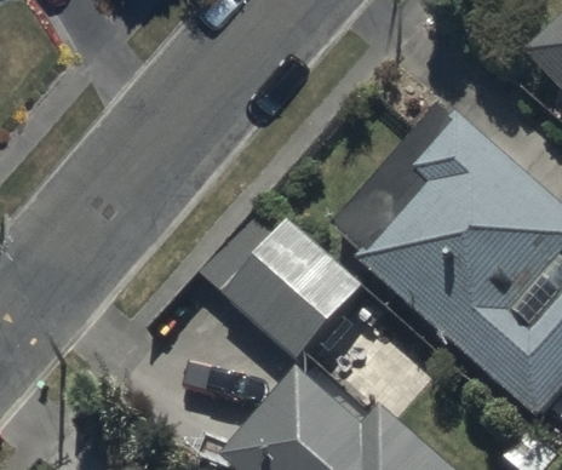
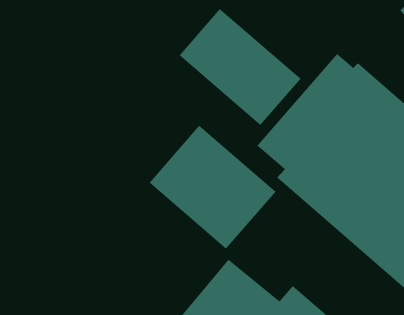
building: none -> [179,8,301,126]

